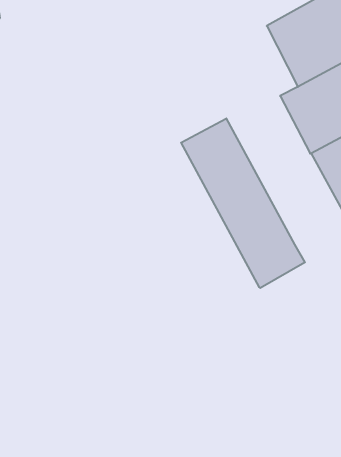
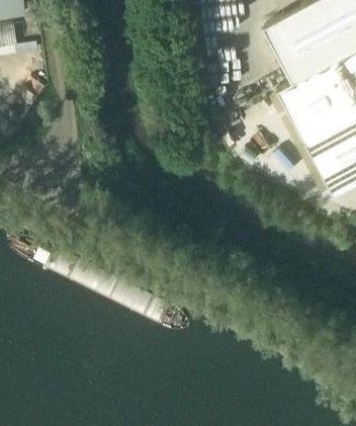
building: [181,118,305,288] -> none

